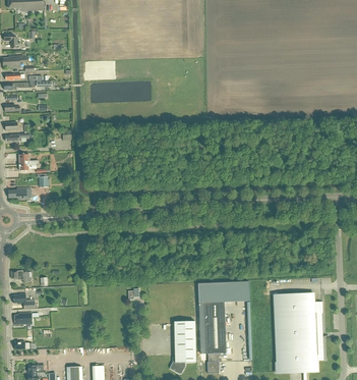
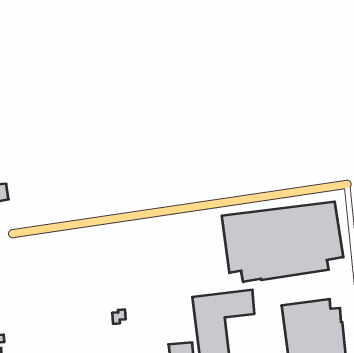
building: none -> [222,202,343,282]

